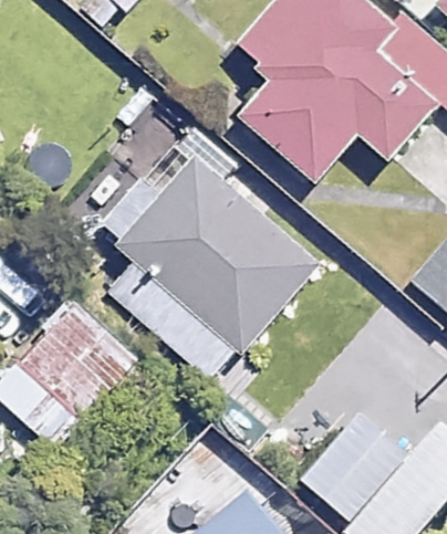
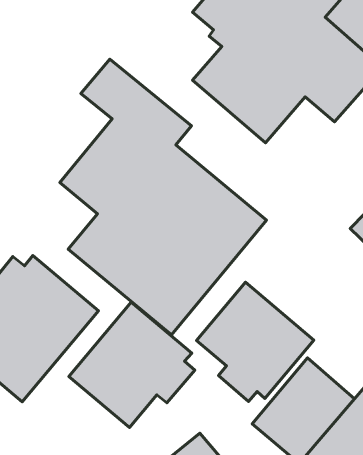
building: none -> [196,282,314,402]
building: none -> [69,302,195,427]

